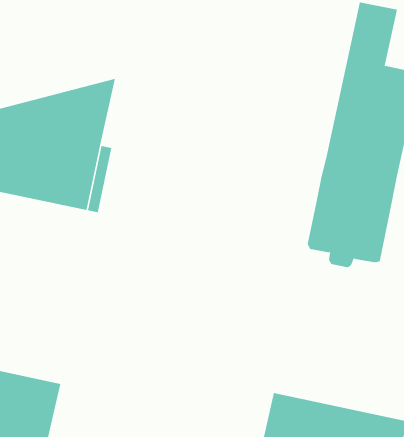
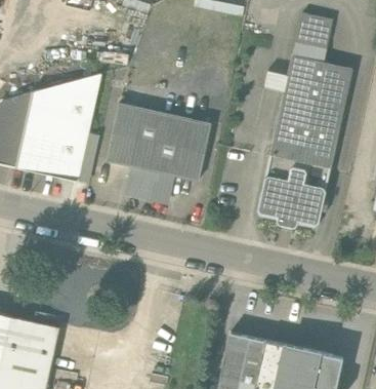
building: none -> [106,106,211,206]

